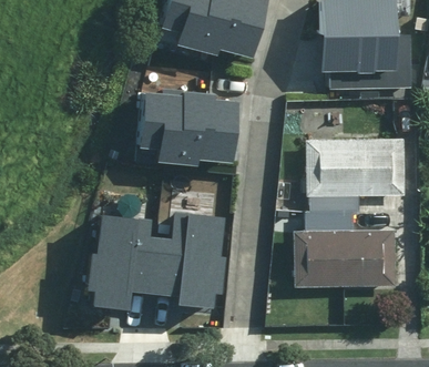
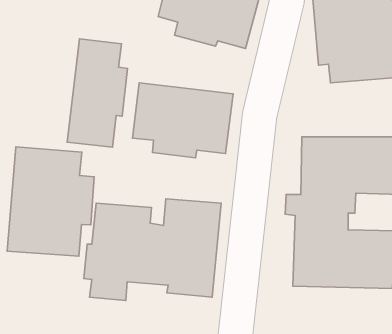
building: none -> [67,39,128,147]
building: none -> [7,147,94,256]

